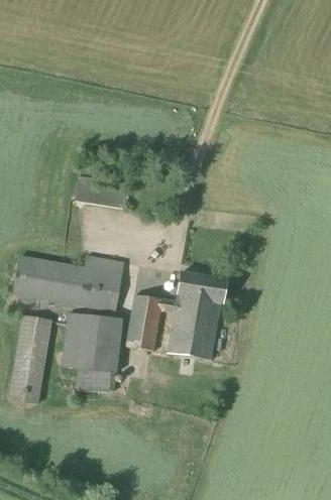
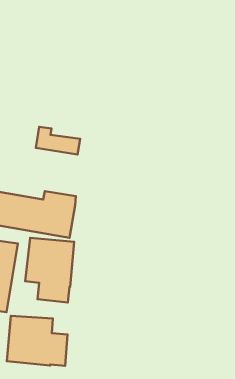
building: [125,272,226,361] -> none
building: none -> [7,316,68,366]

